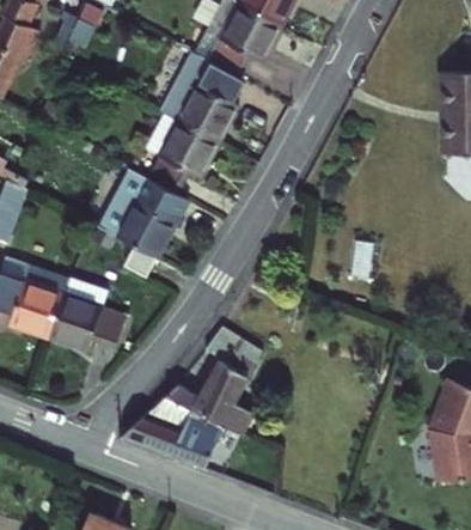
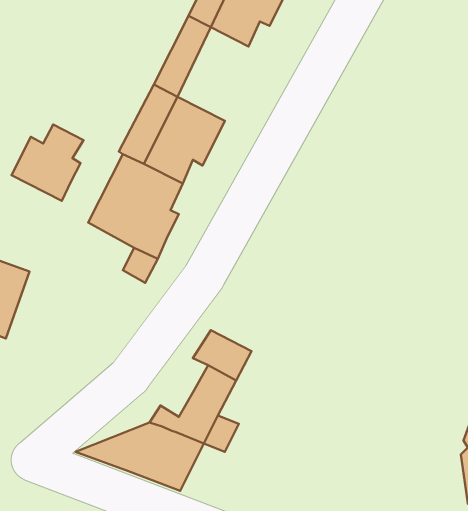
building: [189,68,250,148] -> none
building: none -> [11,125,83,201]
building: [42,278,118,348] -> none

